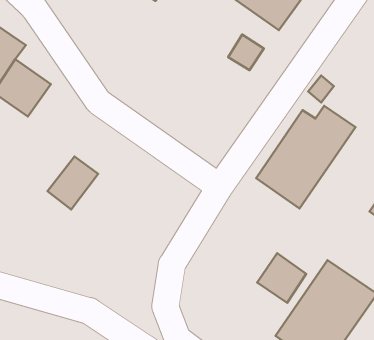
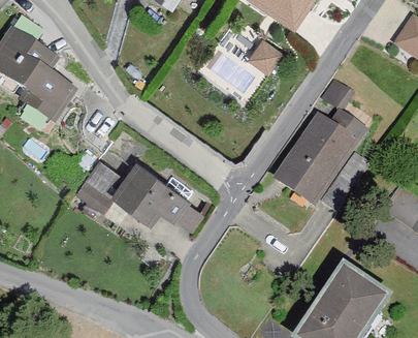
building: none -> [117,164,195,226]
building: [257,253,306,303] -> none

